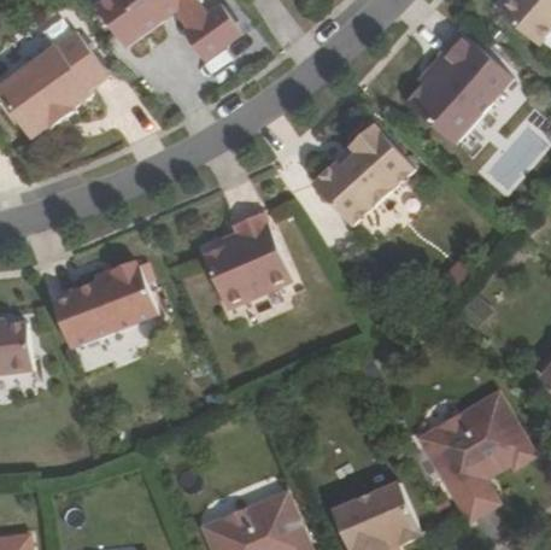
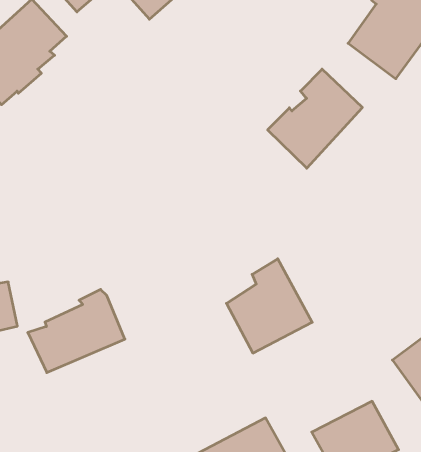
building: [206,213,297,312] -> [226,259,312,353]
building: [54,261,158,345] -> [28,289,125,373]

